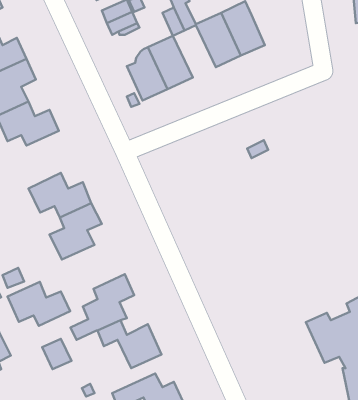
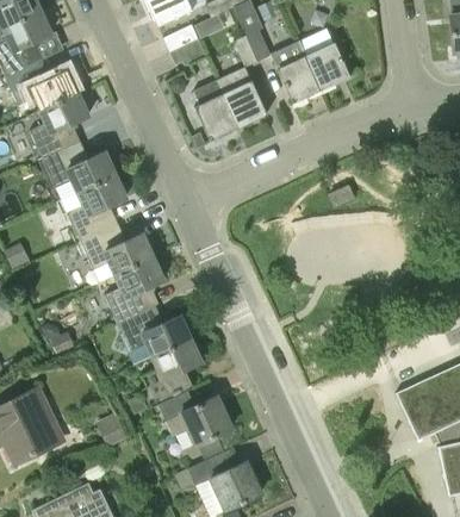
building: none -> [61,175,125,241]
building: [7,282,70,326] -> [118,305,189,355]

